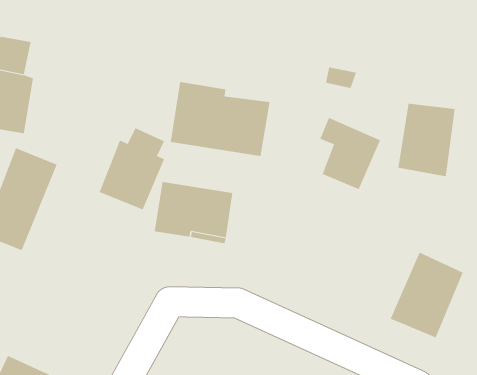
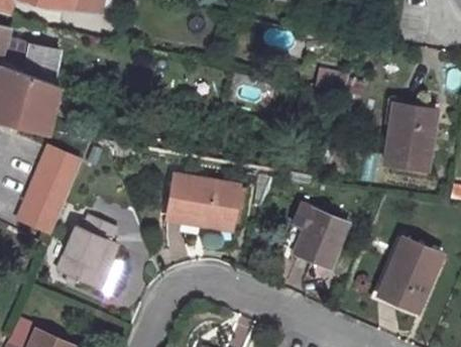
building: [170,81,270,157] -> none
building: [320,117,381,190] -> [293,202,347,266]
building: [99,127,165,210] -> [57,214,116,287]

